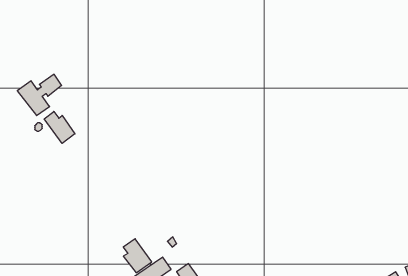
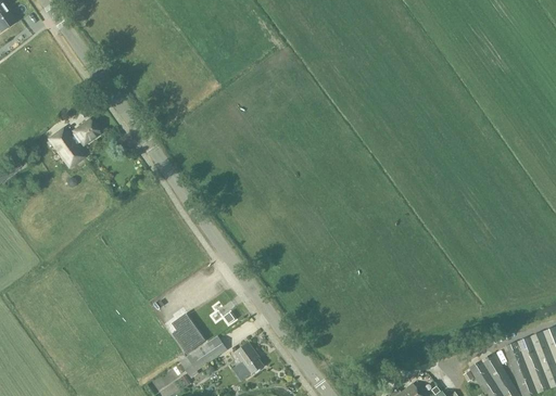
building: [44,111,75,143] -> none

